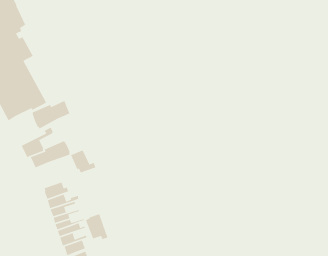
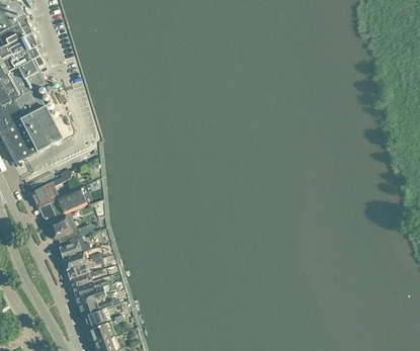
building: [32,100,70,130] -> none
building: [70,149,97,174] -> [48,212,80,243]
building: [85,213,108,240] -> none

